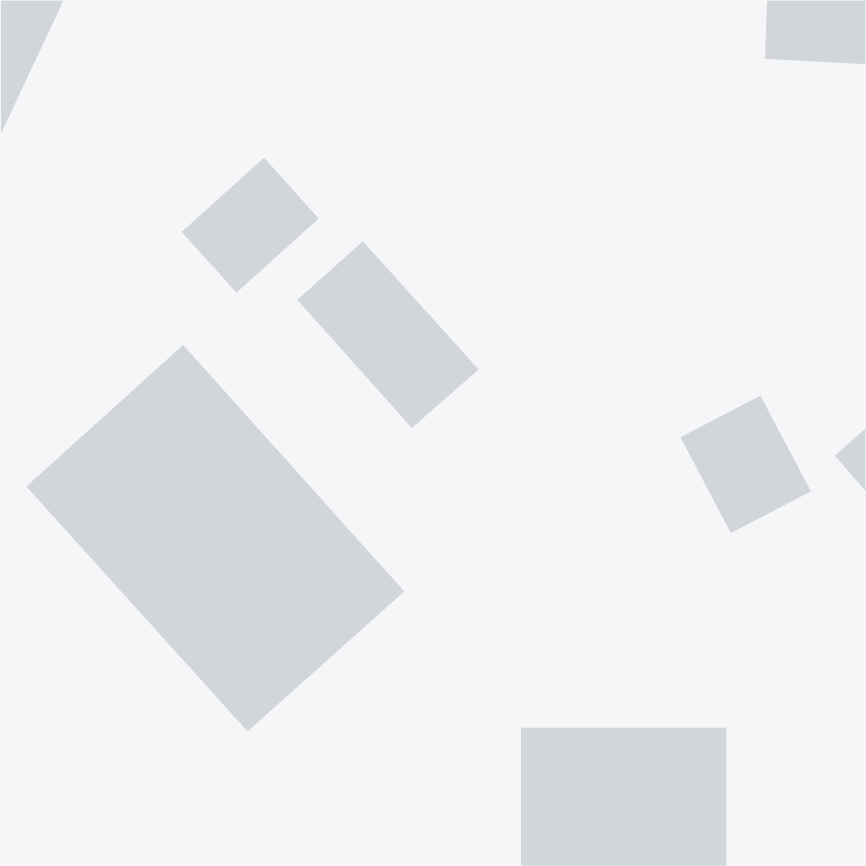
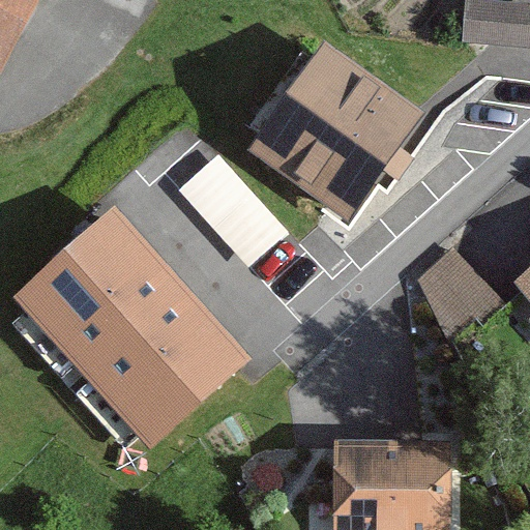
building: none -> [248,43,422,218]
building: [181,157,319,293] -> none

